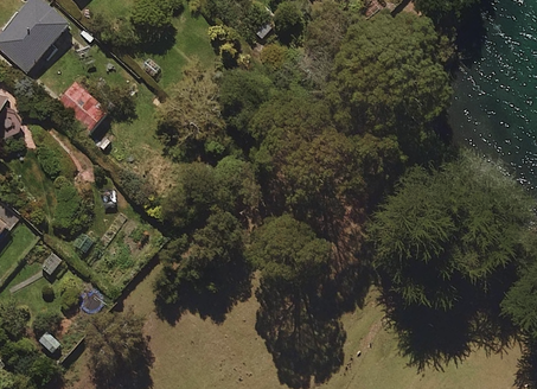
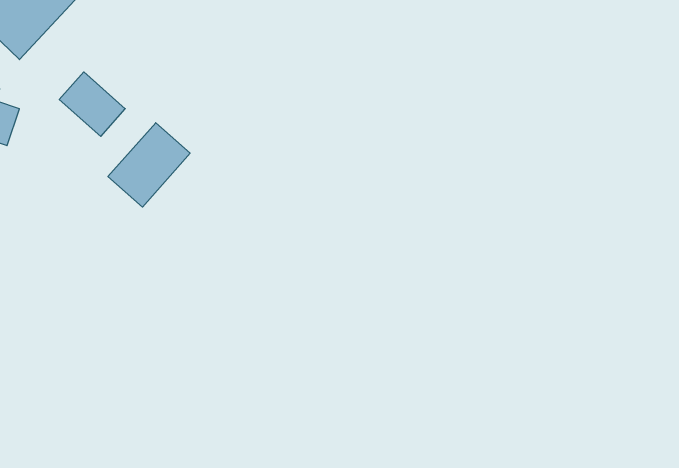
building: none -> [108,123,190,207]

